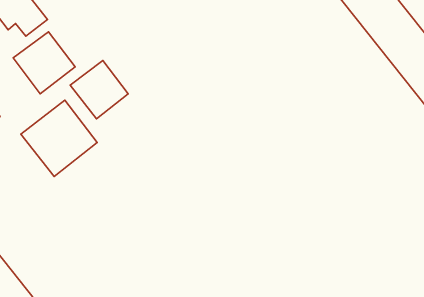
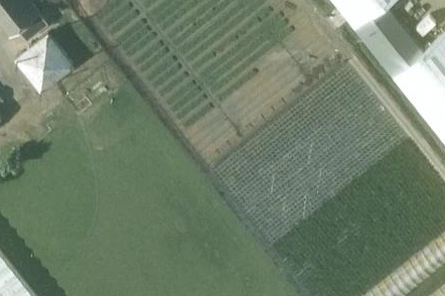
building: [70,60,128,119] -> none
building: [21,100,97,177] -> none

